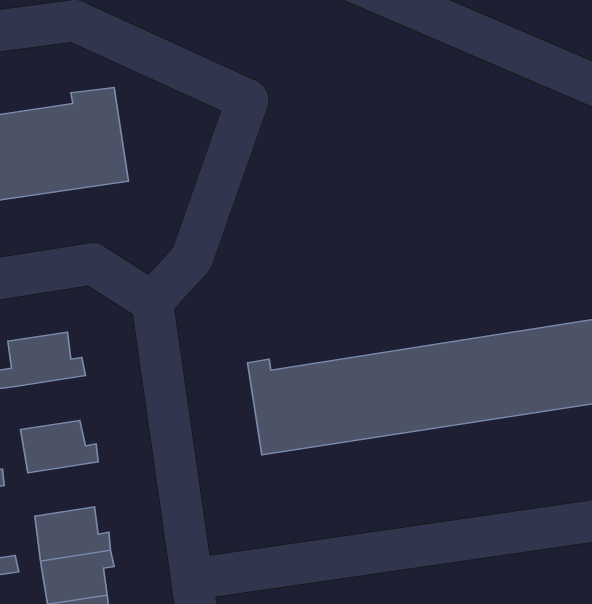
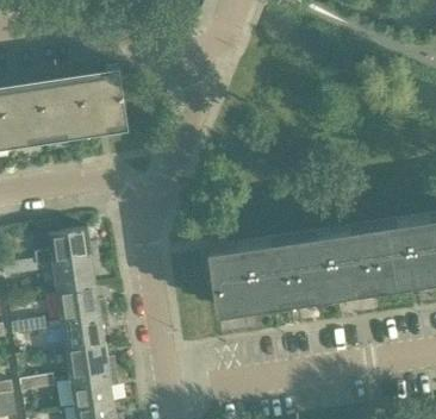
building: none -> [52,257,100,293]
building: none -> [61,314,110,350]

